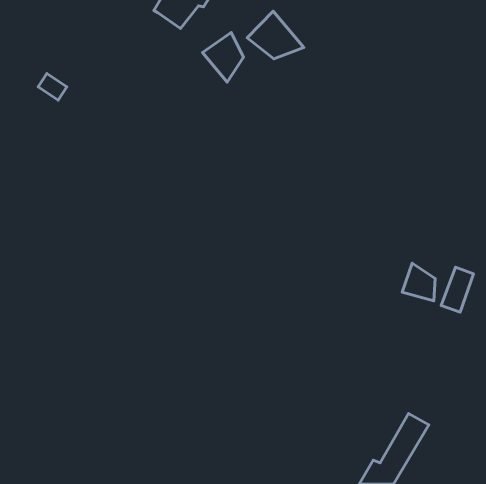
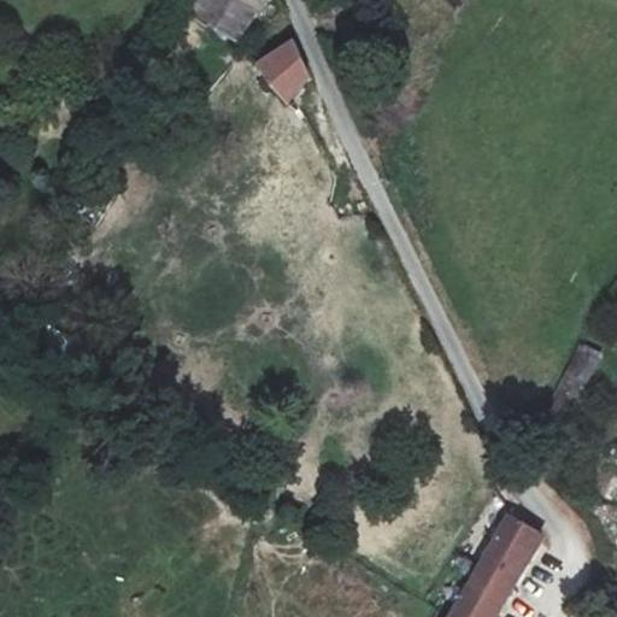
building: [247,11,304,59] -> none
building: [402,263,435,301] -> none

